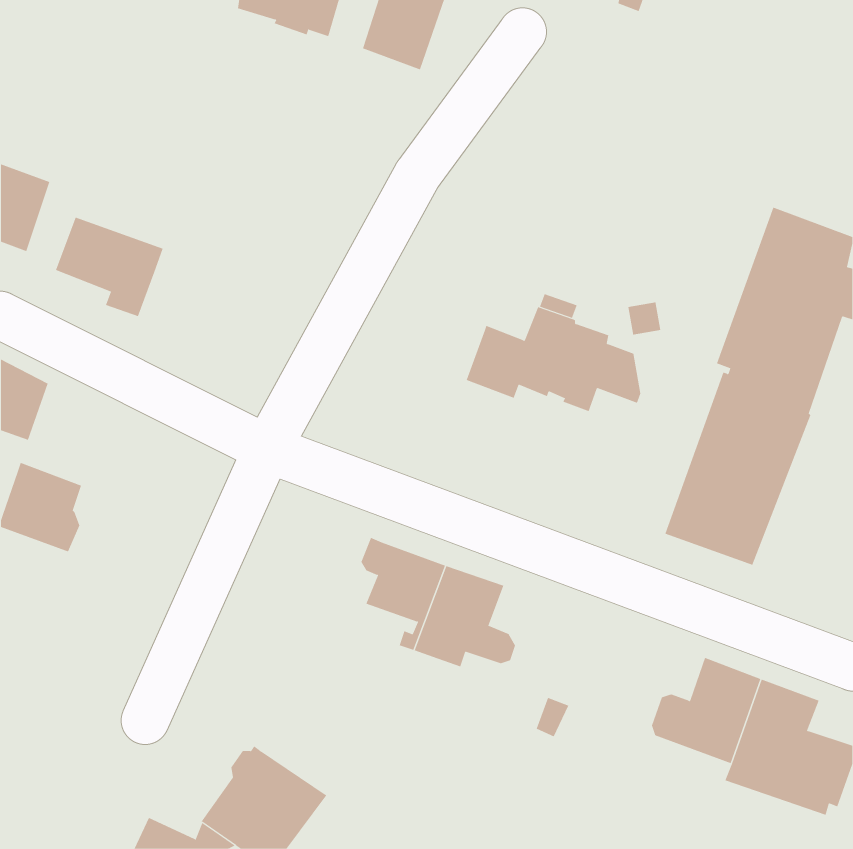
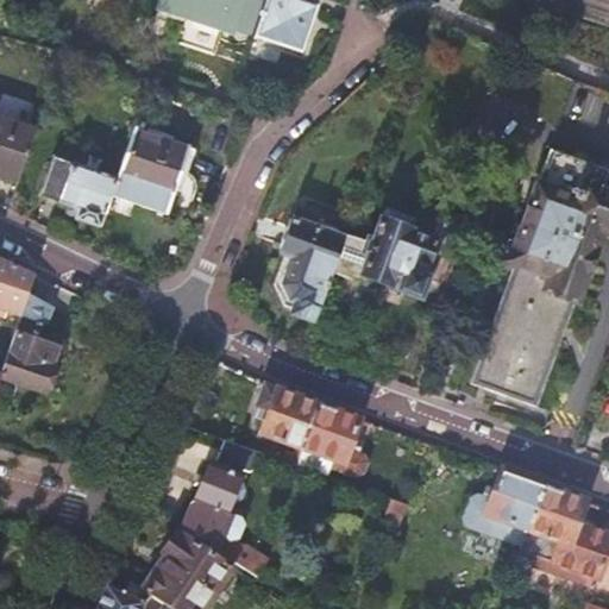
building: none -> [111,127,197,213]
building: none -> [280,215,345,319]
building: none -> [183,440,268,580]

